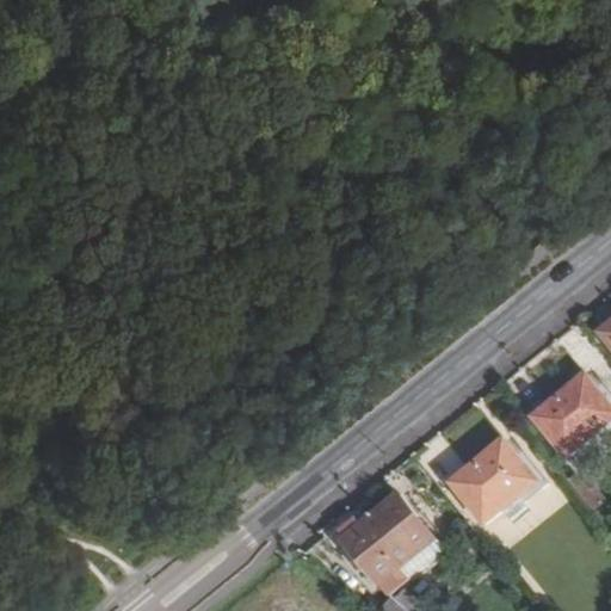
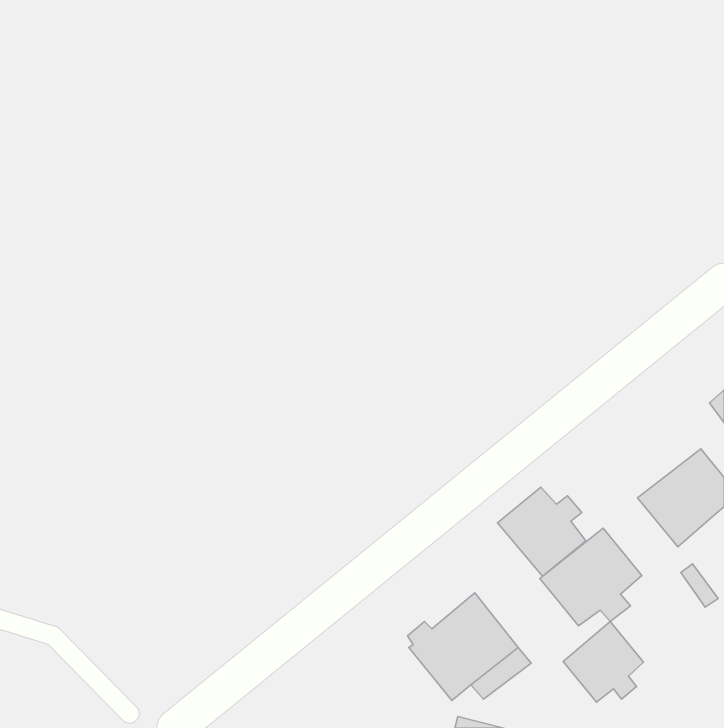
building: none -> [497,487,586,576]
building: none -> [563,622,644,702]

